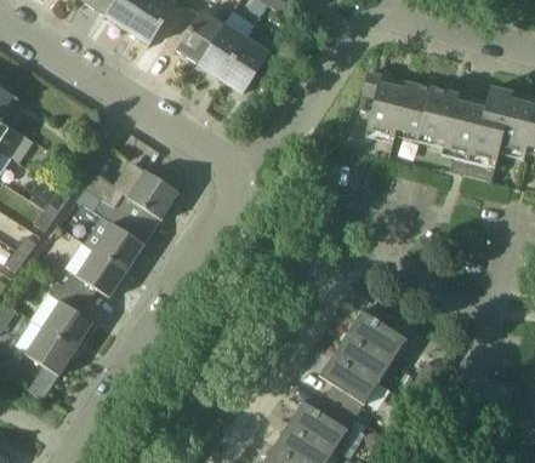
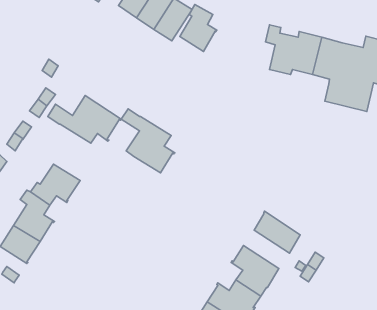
building: none -> [180,5,217,51]
building: [78,188,146,269] -> [121,109,175,173]
building: [335,332,393,381] -> none

